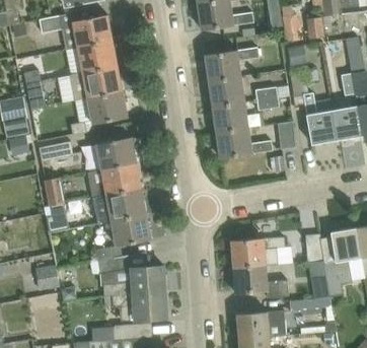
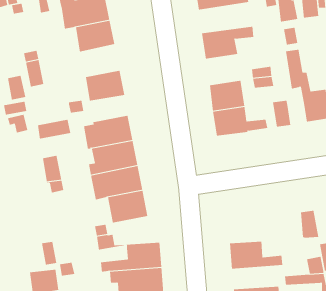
building: [70,65,123,100] -> none
building: [209,75,245,107] -> none
building: [231,236,285,267] -> none

